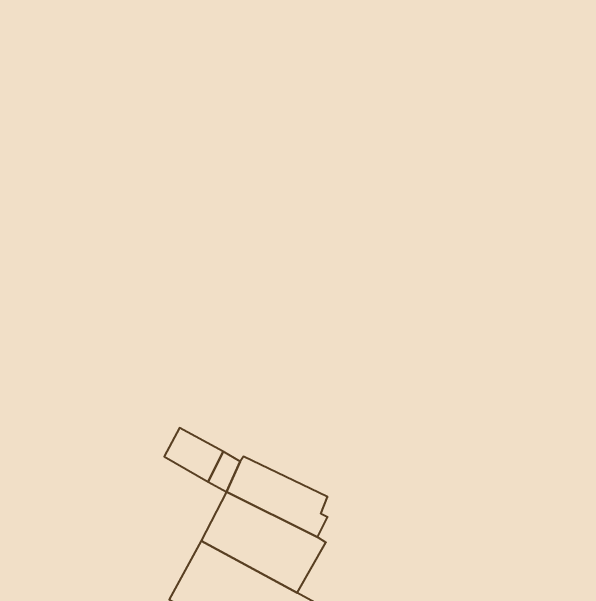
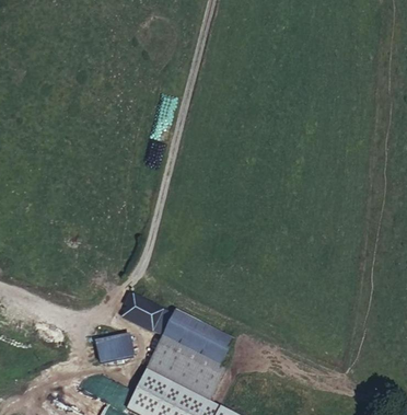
building: none -> [100,332,142,361]

